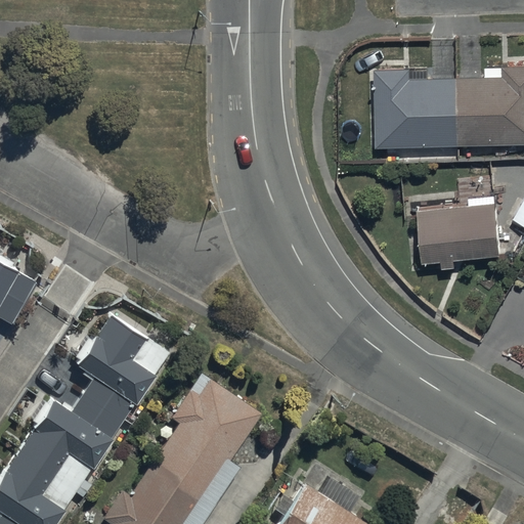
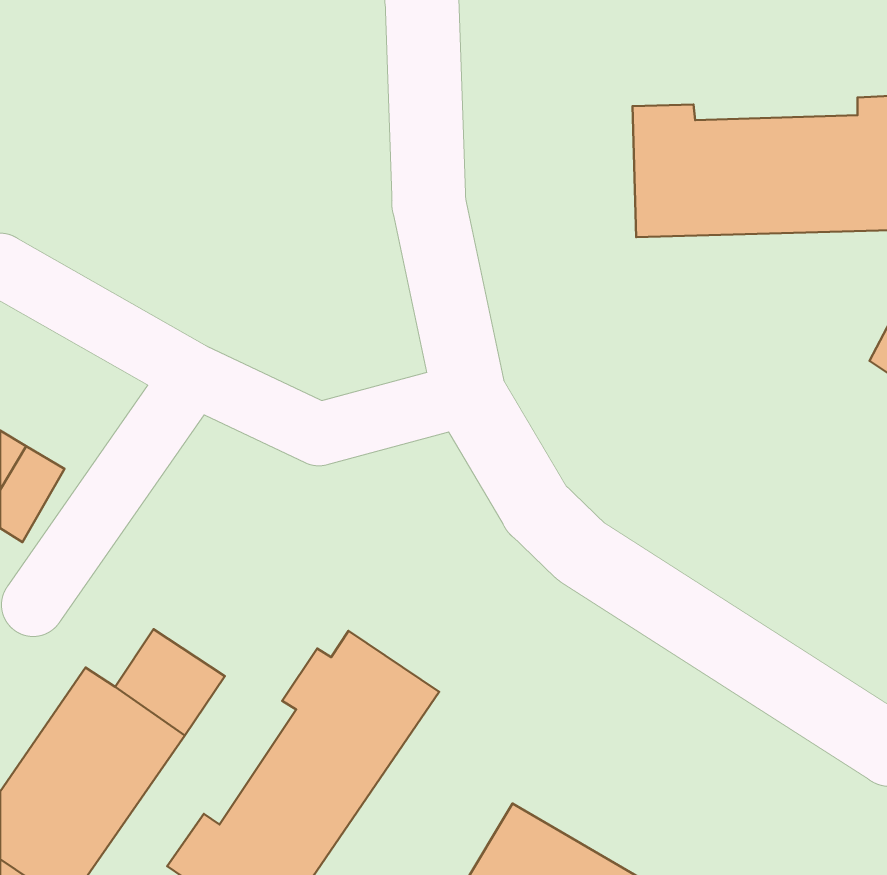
building: [416,202,503,267] -> none
building: [73,314,169,406] -> none

